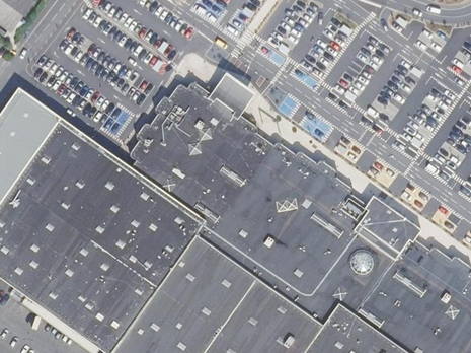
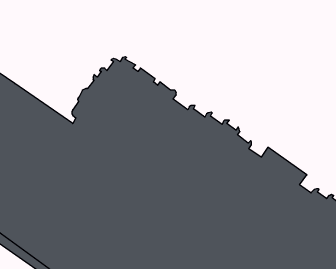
building: [207,73,254,120] -> none

